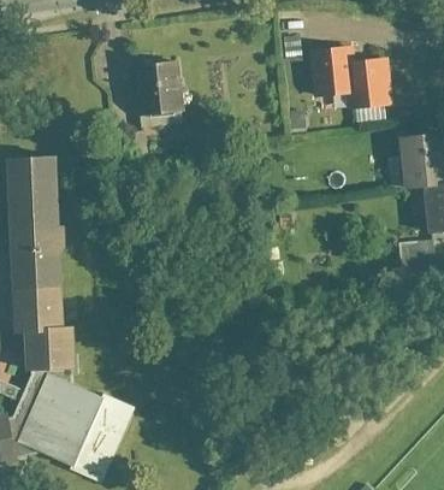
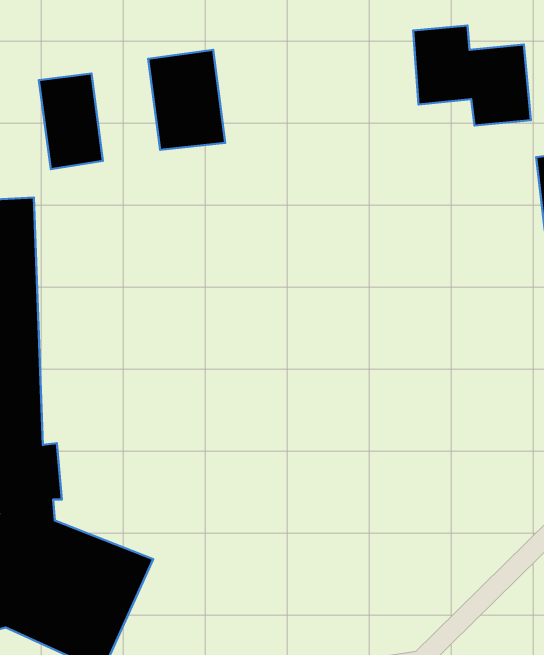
building: none -> [39,74,103,169]

